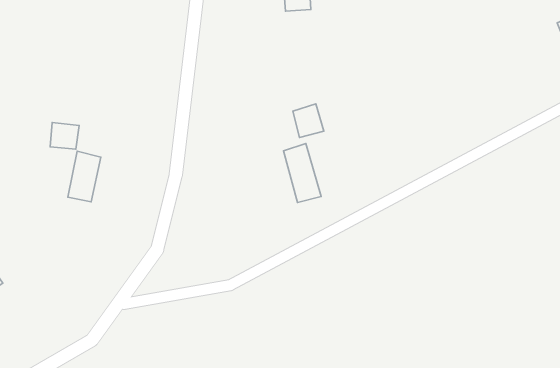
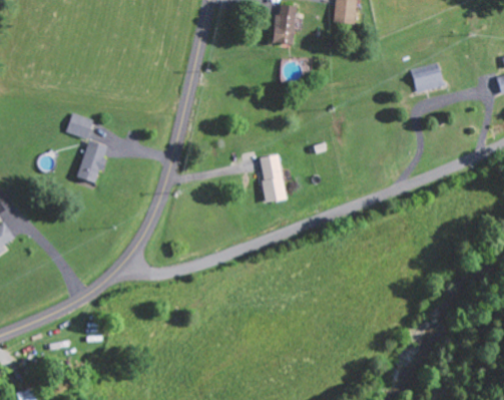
building: none -> [411,63,443,93]
building: [293,104,324,138] -> none

